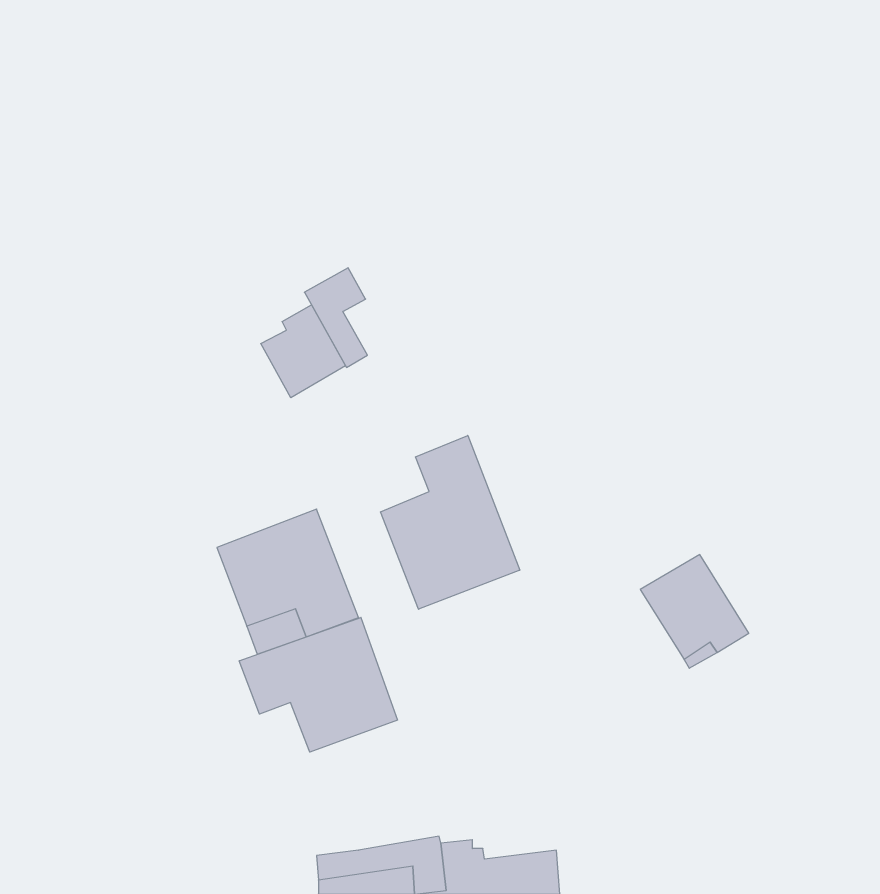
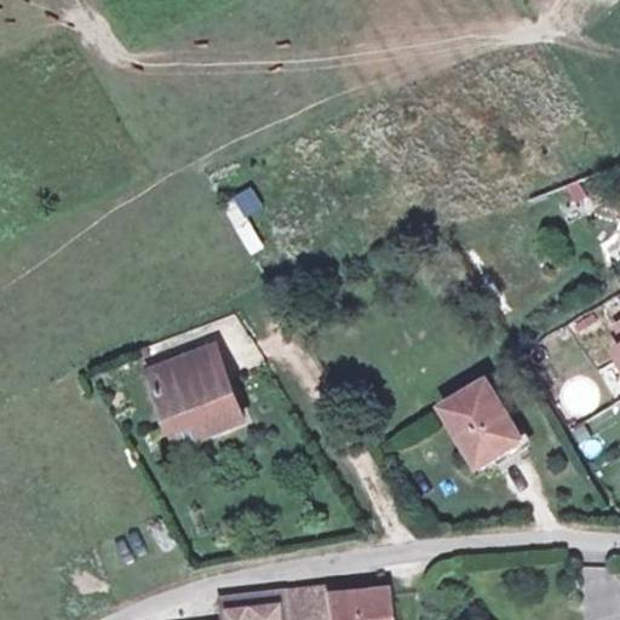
building: [261,305,346,398] -> none
building: [380,435,520,609] -> none
building: [239,617,398,752] -> none

